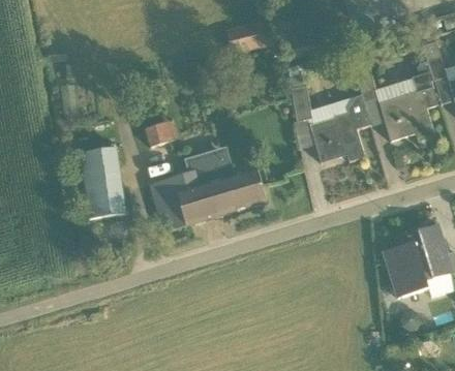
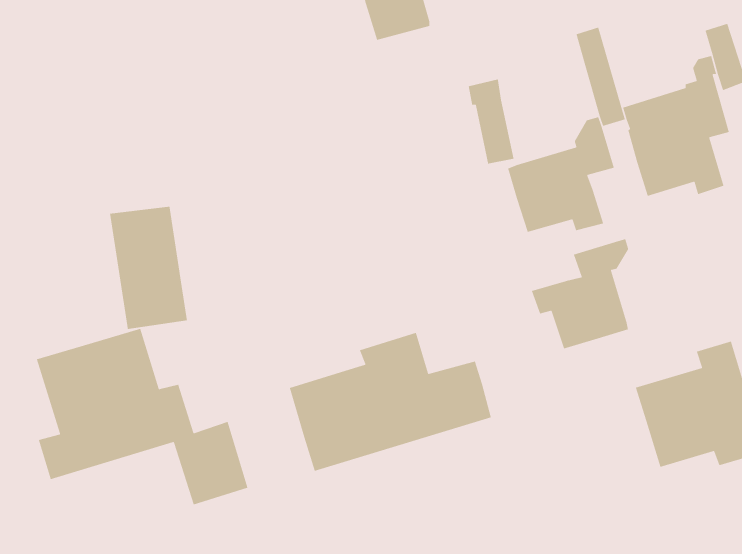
building: [144,119,178,145] -> none
building: [149,151,266,231] -> [289,332,492,472]
building: none -> [531,238,629,350]
building: none -> [36,328,249,505]

